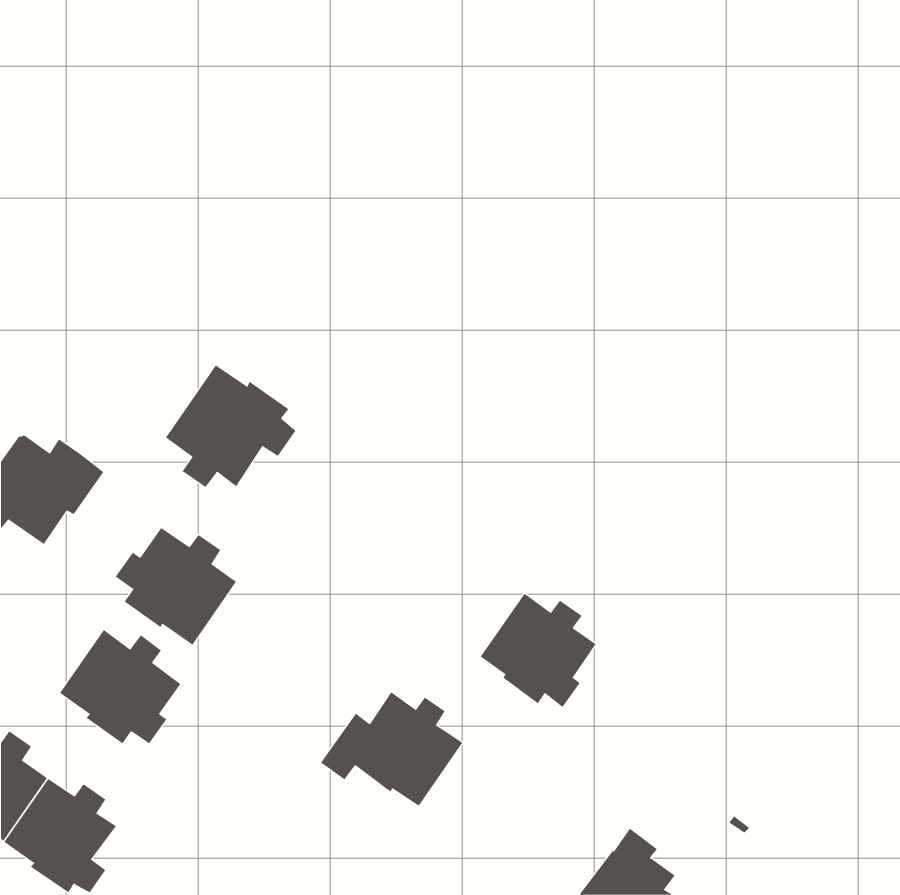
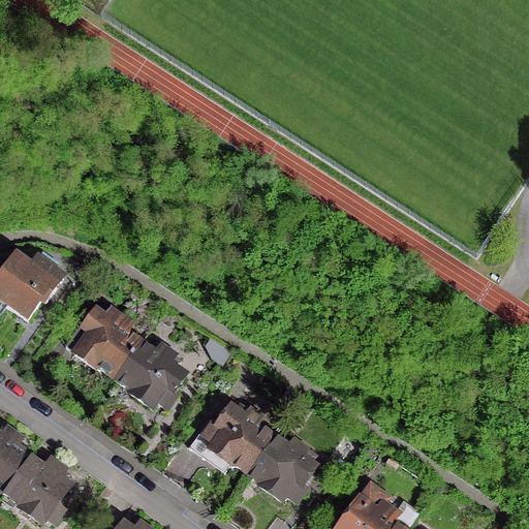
building: [165,365,296,488] -> none
building: [480,593,597,708] -> [247,434,315,501]
building: [59,629,181,744] -> [115,340,186,407]

